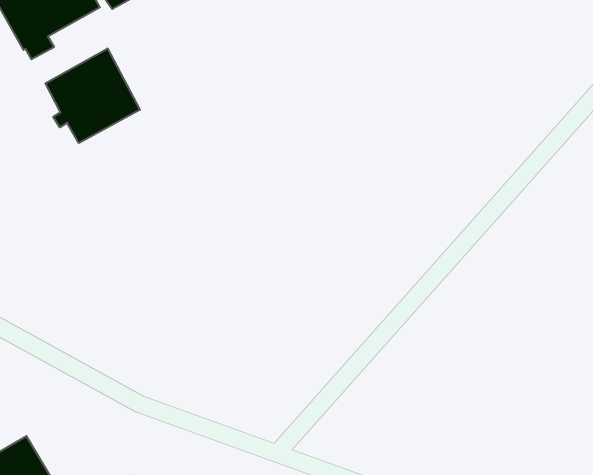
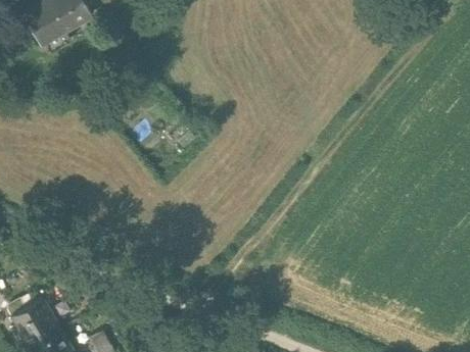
building: [45,48,140,143] -> none

